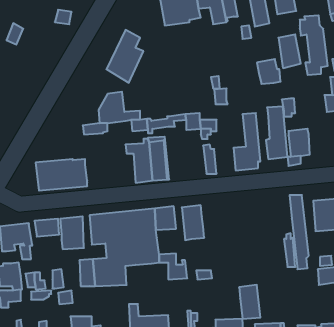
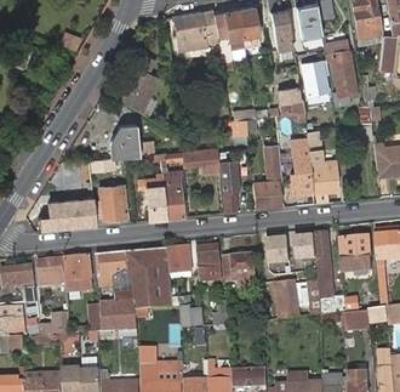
building: none -> [93,184,126,220]
building: none -> [293,233,316,260]
building: none -> [265,234,290,265]
building: none -> [223,252,257,294]
building: [239,285,260,319] -> [276,280,299,317]

